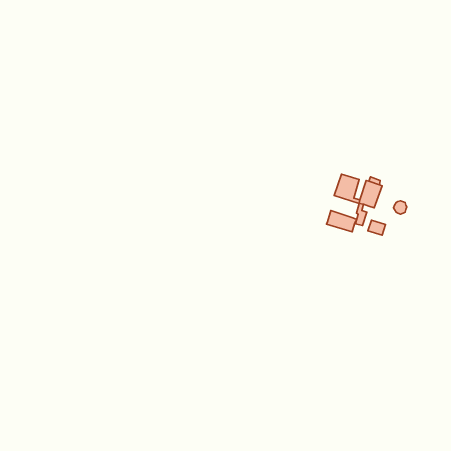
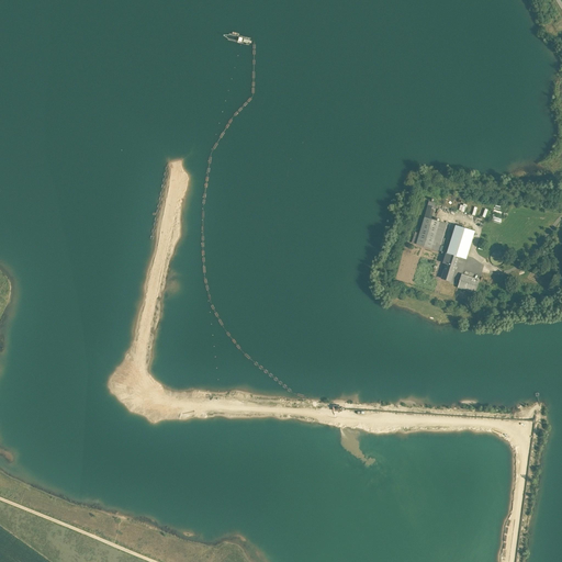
building: [327,211,357,232] -> none

